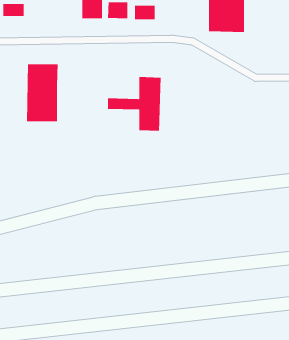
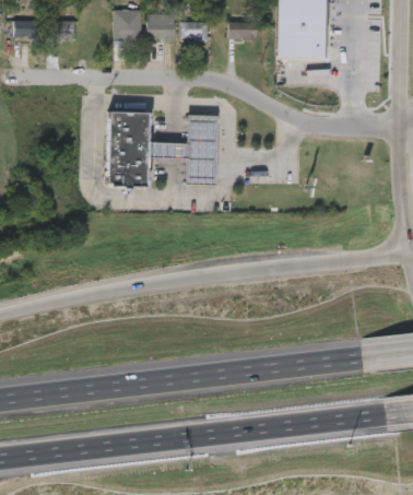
building: none -> [46,21,74,39]
building: none -> [225,24,252,42]
building: [26,64,59,122] -> [104,113,145,188]

